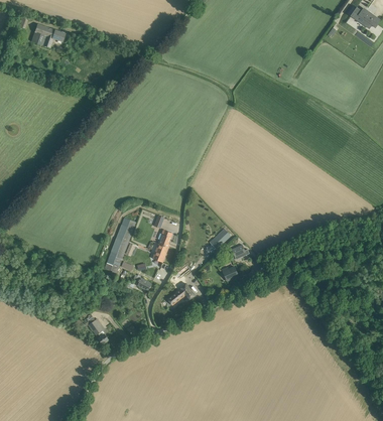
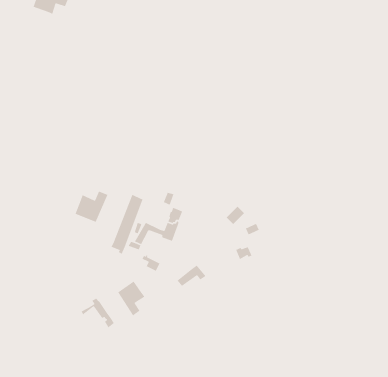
building: none -> [75,190,109,223]
building: none -> [117,281,145,317]

